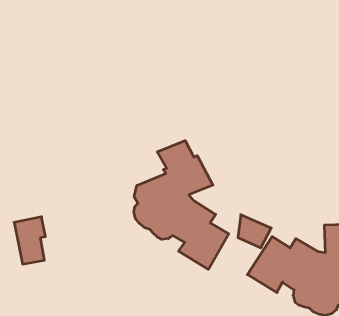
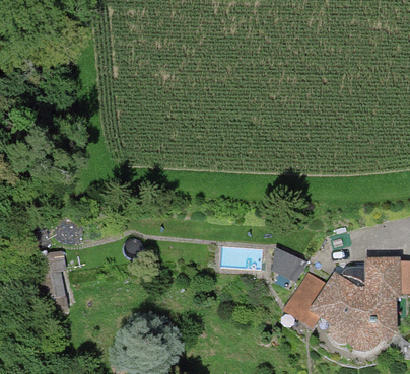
building: [134,141,229,269] -> none

